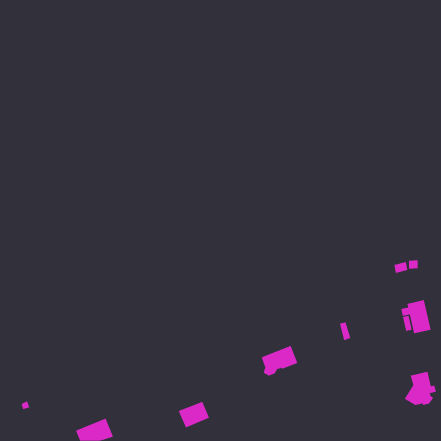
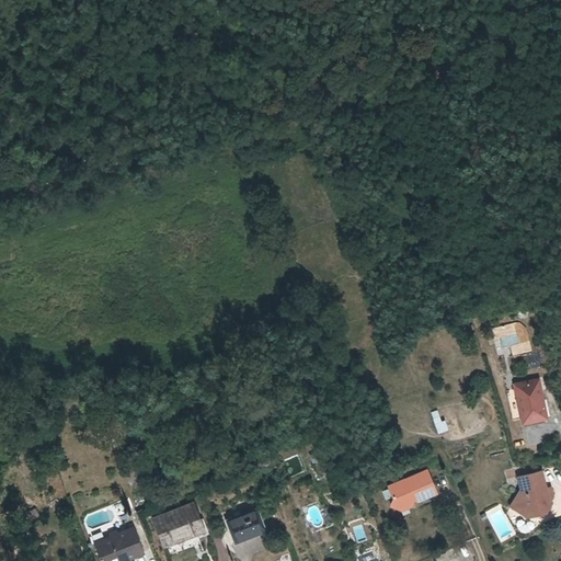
building: [261,345,298,376] -> [388,470,435,510]
building: none -> [156,505,204,547]

